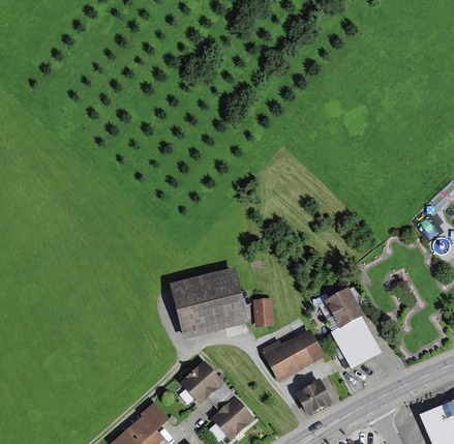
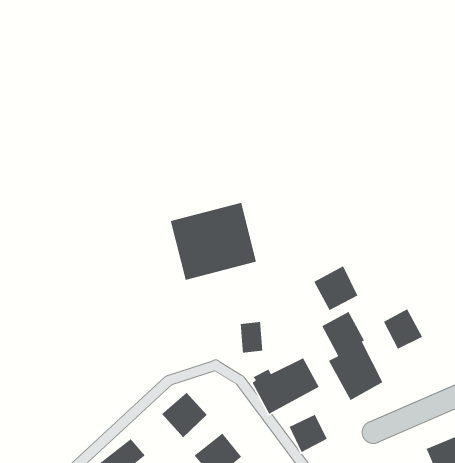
building: none -> [313,265,359,311]
building: [171,269,248,339] -> [170,202,257,281]
building: none -> [383,308,423,350]

